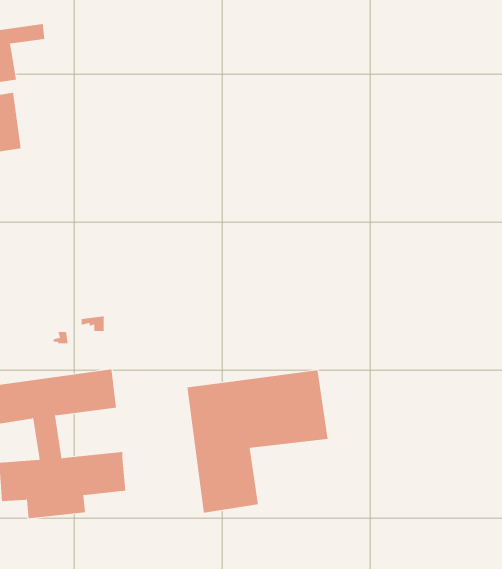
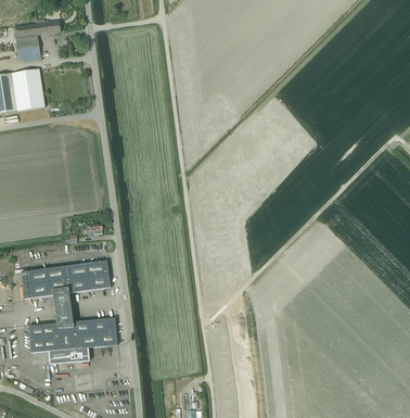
building: [187,370,328,513] -> none

